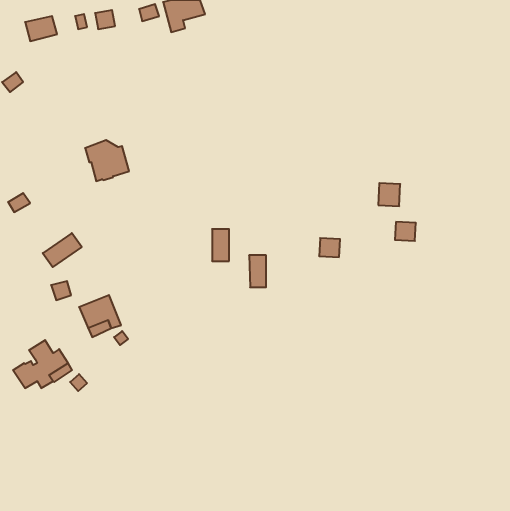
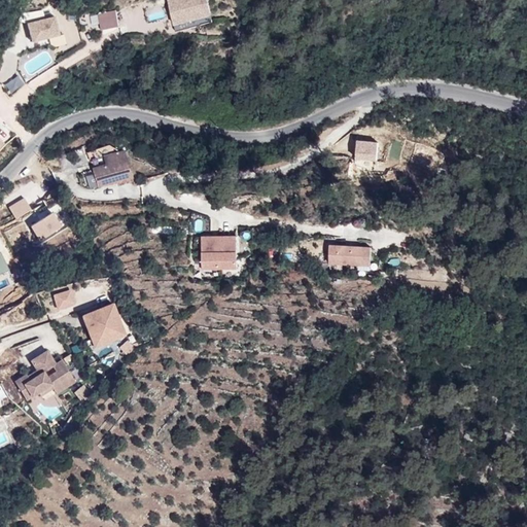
building: [378,183,400,206] -> [354,141,377,165]
building: [395,222,416,241] -> [349,246,371,266]
building: [43,233,82,267] -> [30,205,70,240]
building: [249,255,266,287] -> [201,236,218,269]

